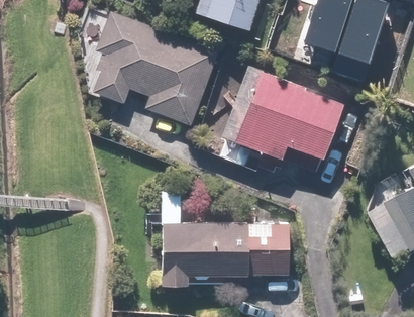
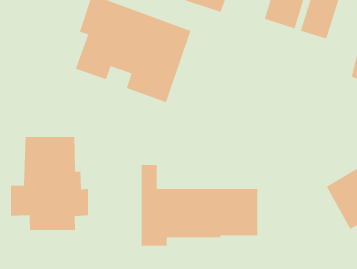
building: [212,70,348,176] -> none
building: none -> [10,136,89,231]

